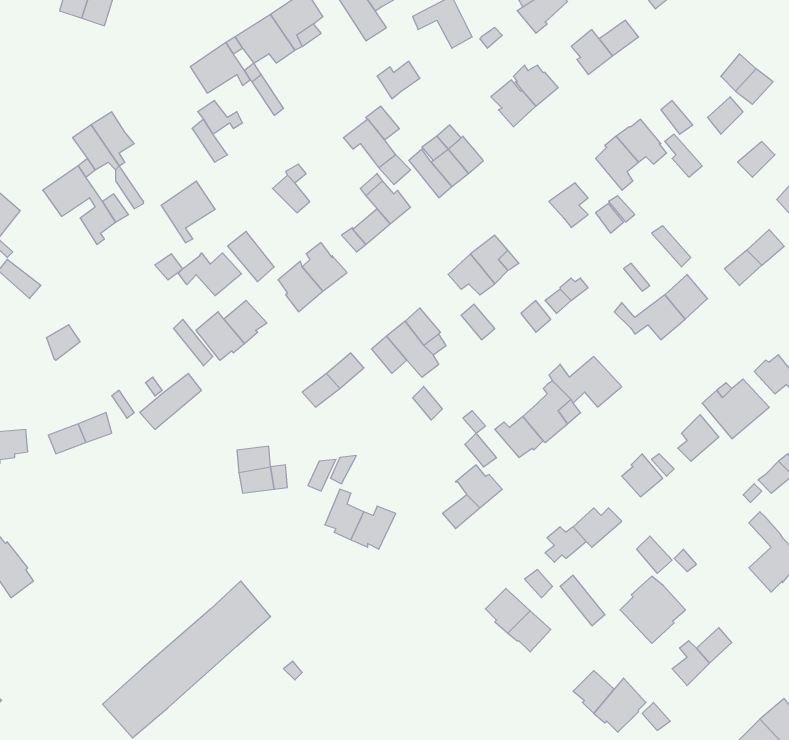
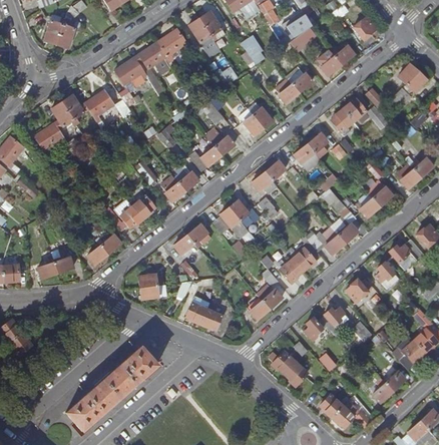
building: [161,181,215,243] -> [84,89,113,122]
building: none -> [294,142,321,169]
building: [178,253,242,296] -> none
building: none -> [331,199,358,242]
building: [620,576,685,643] -> [391,334,426,370]

